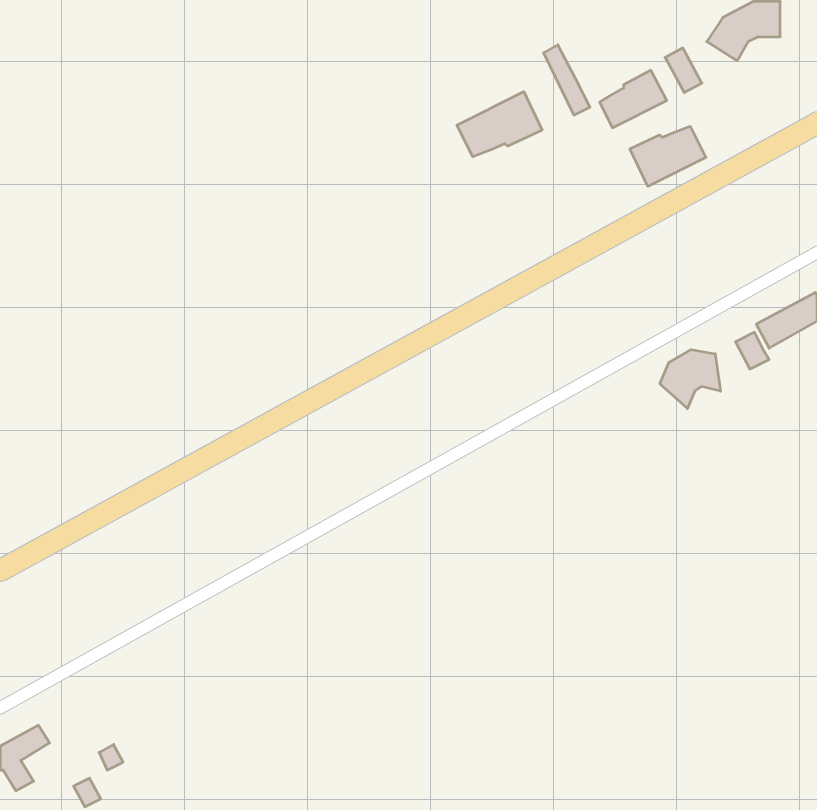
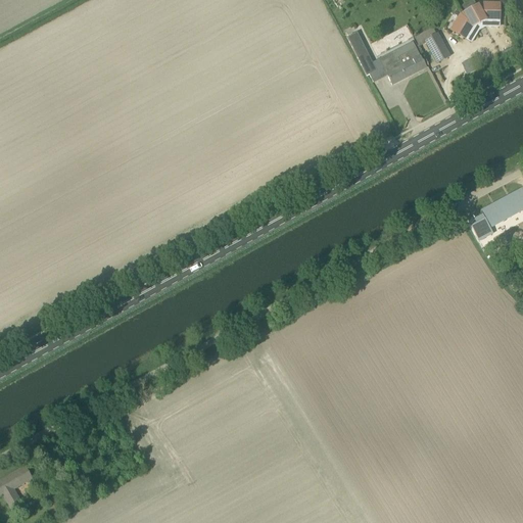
building: [457,92,542,157] -> none
building: [630,126,706,186] -> none
building: [660,350,720,409] -> none

